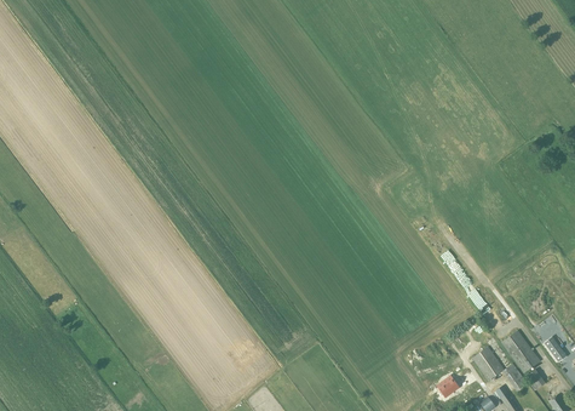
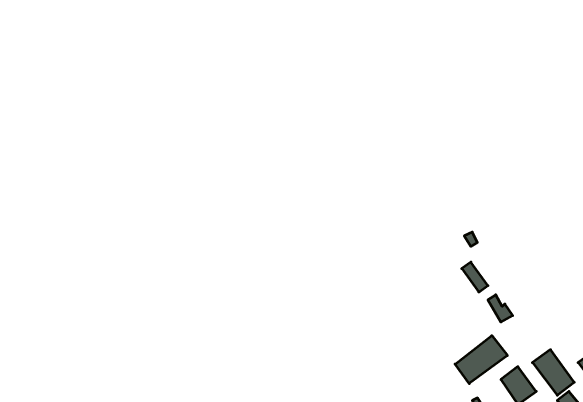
building: none -> [455,336,507,384]

